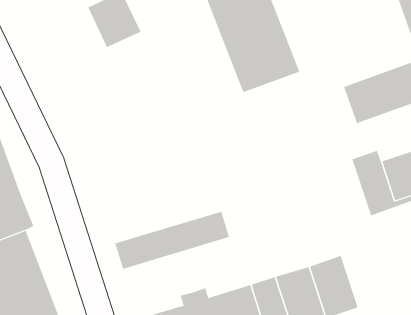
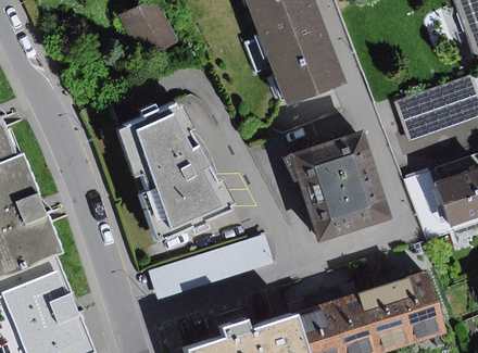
building: none -> [118,101,230,239]
building: none -> [291,129,394,241]
building: none -> [394,272,446,339]

